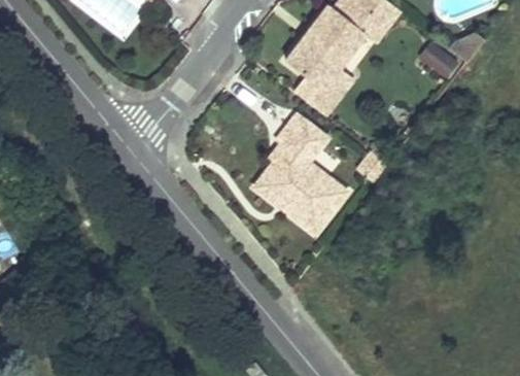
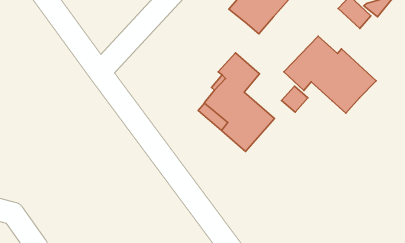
building: [294,69,354,117] -> none
building: none -> [284,36,376,113]

